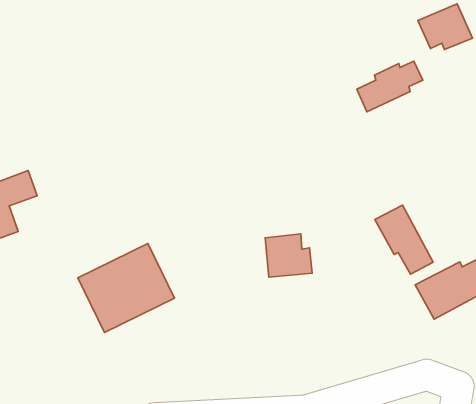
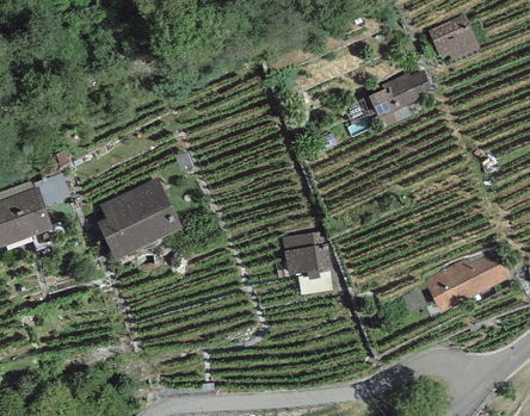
building: [375,205,433,274] -> none
building: [78,244,175,333] -> [91,178,181,261]

